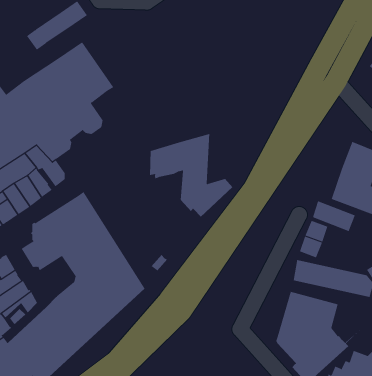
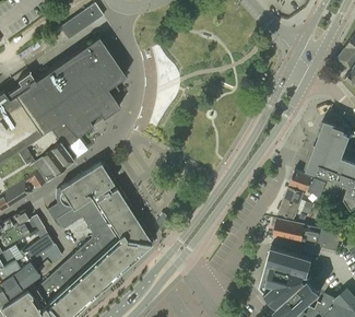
building: [149,133,233,217] -> none

